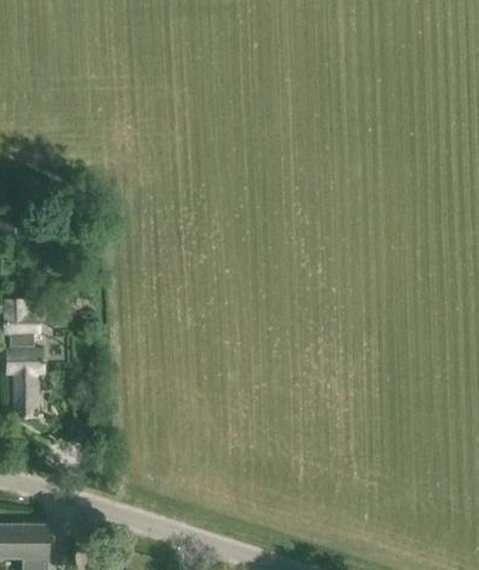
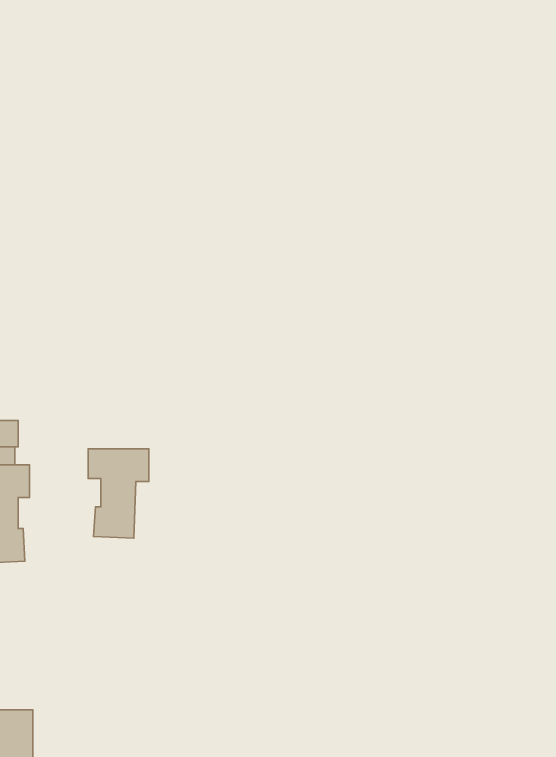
building: none -> [88,449,149,538]

